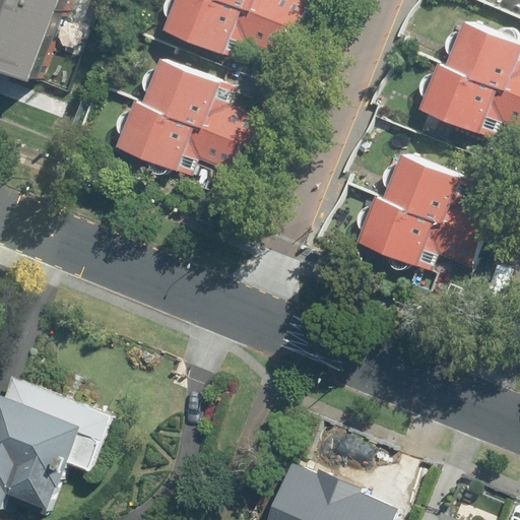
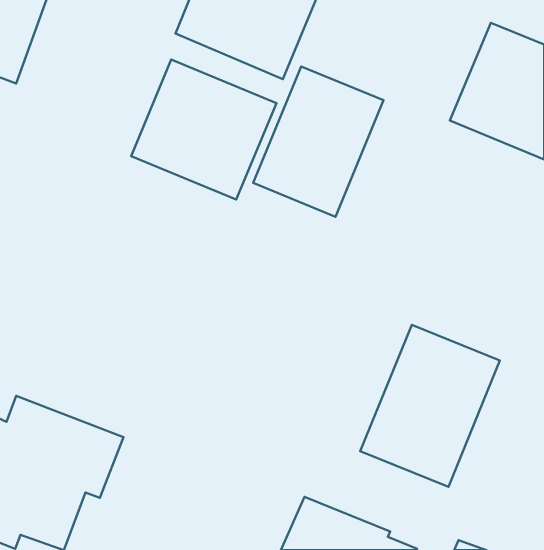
building: none -> [253,66,384,217]
building: [351,155,491,281] -> none
building: none -> [360,325,500,487]

